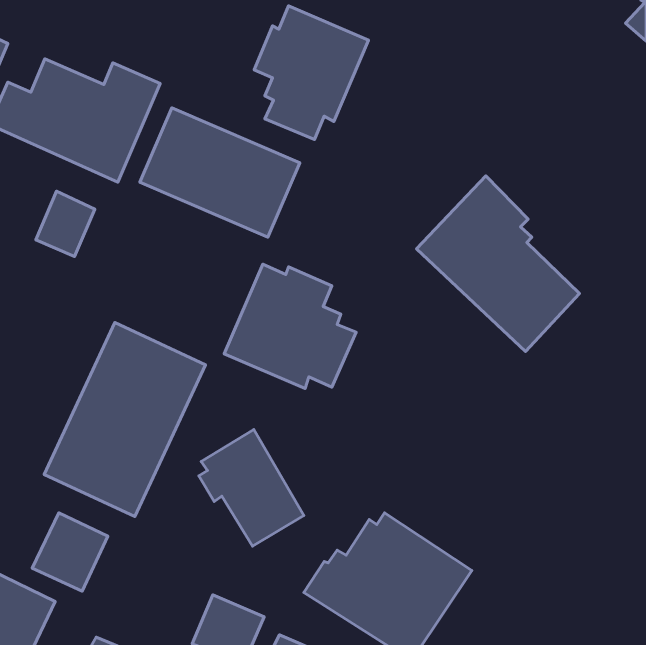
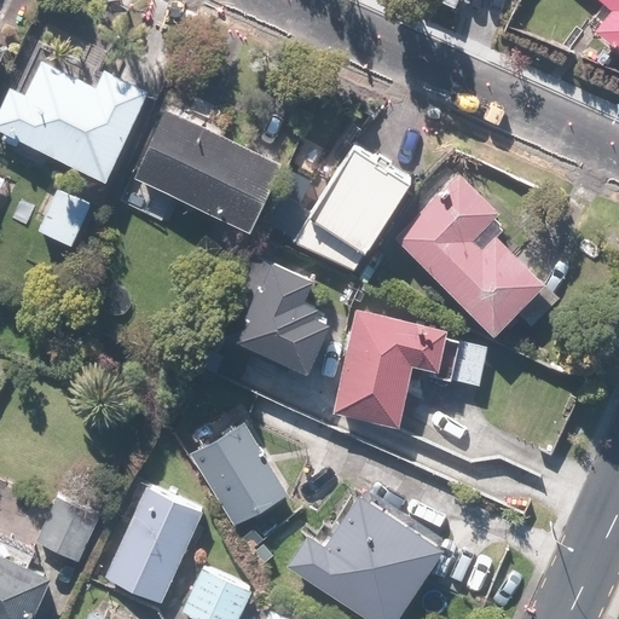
building: [254,6,369,140] -> none
building: none -> [290,145,411,276]
building: [44,323,205,517] -> none
building: none -> [337,317,482,424]
building: none -> [106,488,202,603]

